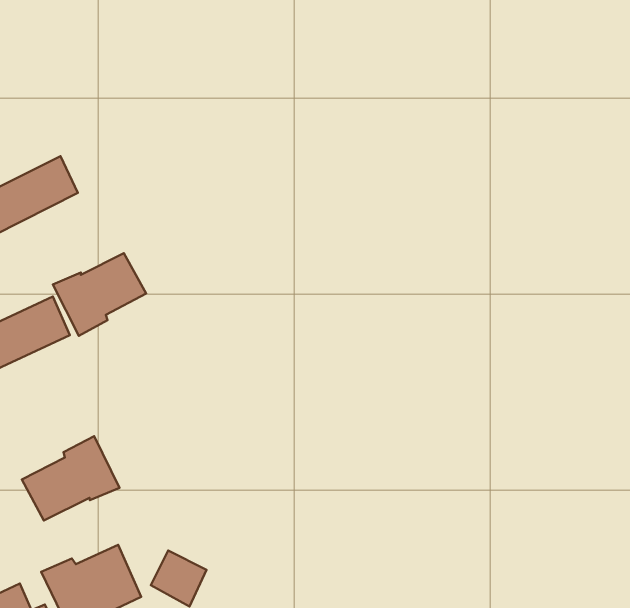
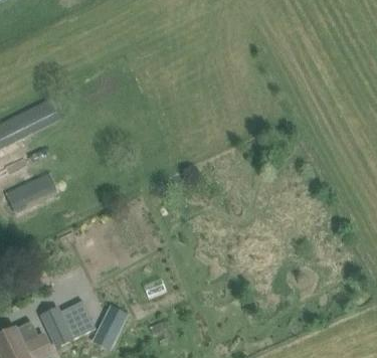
building: [53,253,146,336] -> none
building: [22,436,119,520] -> none

